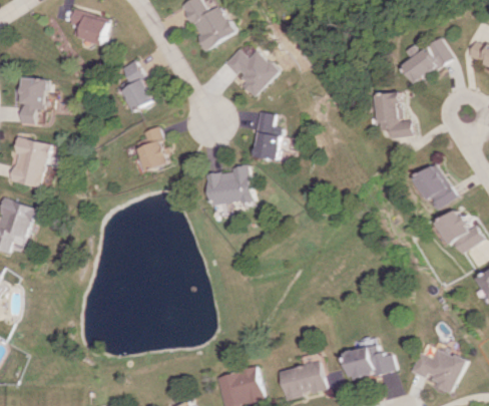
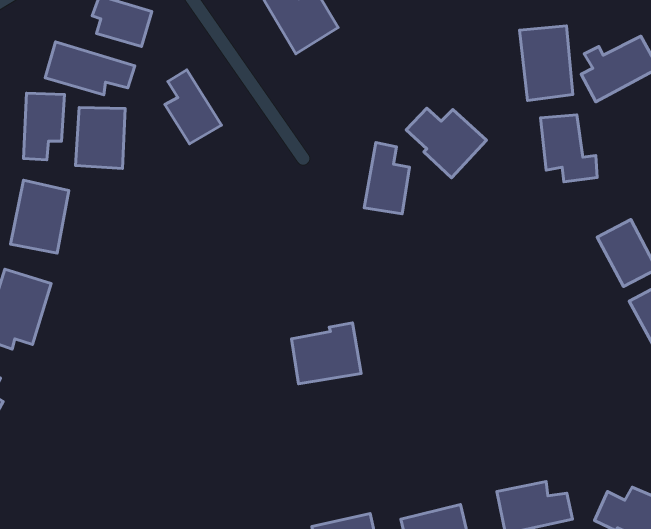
building: none -> [520,26,573,100]
building: none -> [45,42,135,95]
building: [223,48,279,96] -> [406,108,486,178]
building: none -> [75,107,125,168]
building: [134,126,169,170] -> none
building: [205,163,254,206] -> [291,323,361,384]

